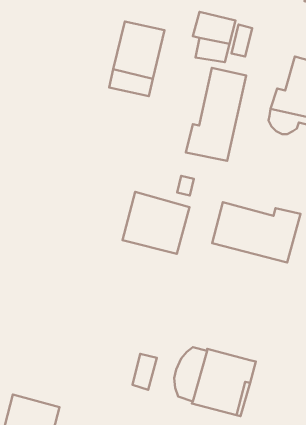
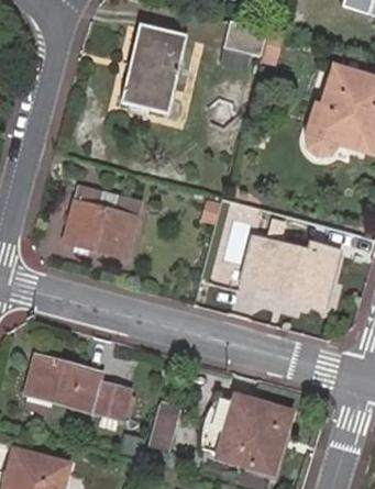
building: [186,68,246,161] -> none
building: [122,192,189,254] -> [65,187,141,257]
building: none -> [25,354,131,419]

